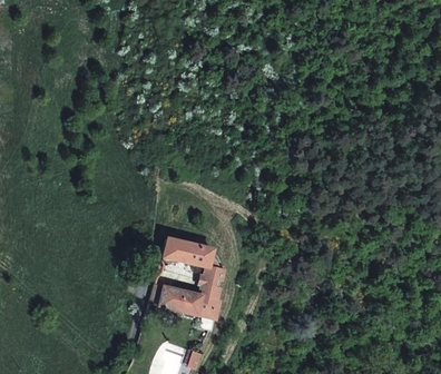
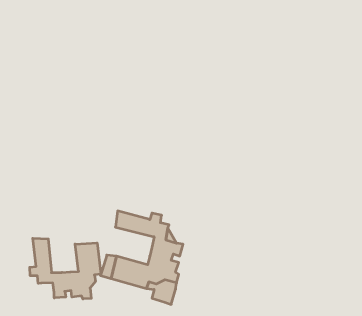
building: none -> [30,238,101,299]

